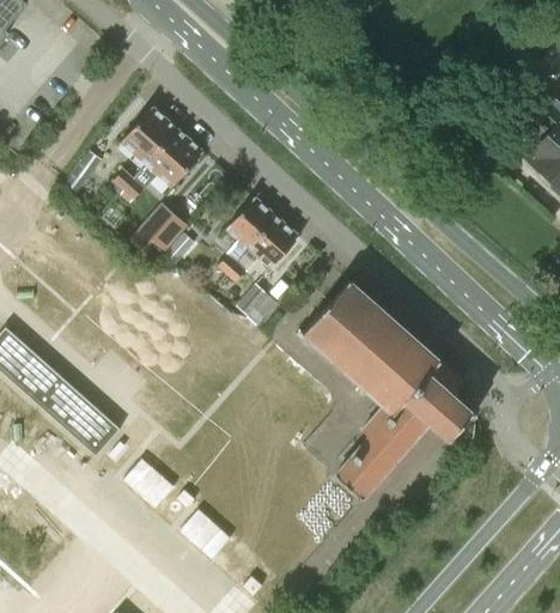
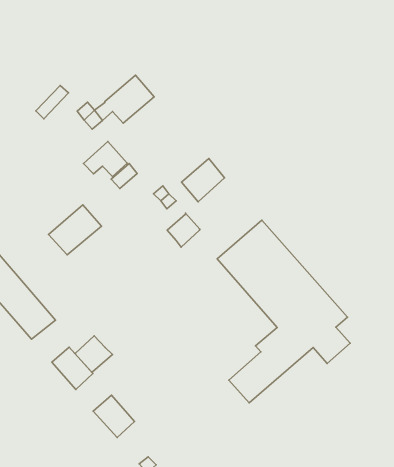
building: [120,105,177,164] -> none
building: [226,196,276,248] -> none
building: none -> [48,205,101,255]
building: none -> [74,336,112,372]

